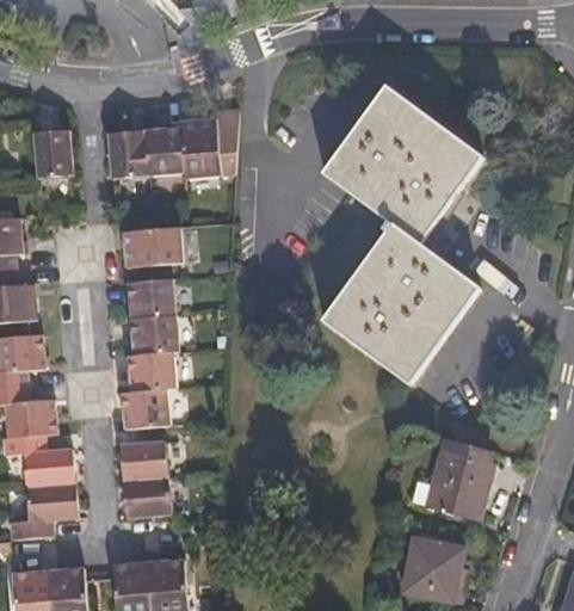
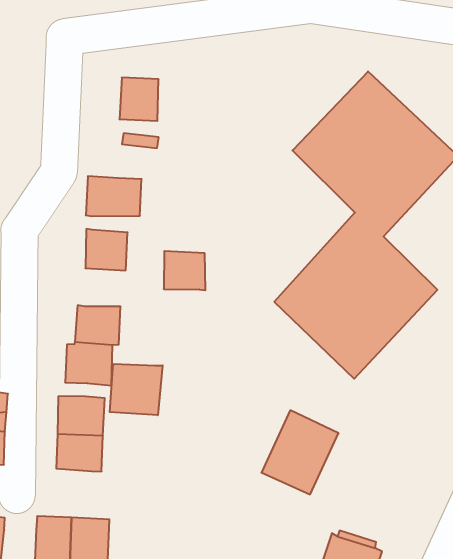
building: [178,113,230,172] -> none
building: [104,126,146,172] -> none
building: [29,134,69,184] -> none
building: [134,313,179,353] -> [164,251,205,290]
building: none -> [110,364,163,415]
building: [427,445,496,524] -> [261,410,339,494]

